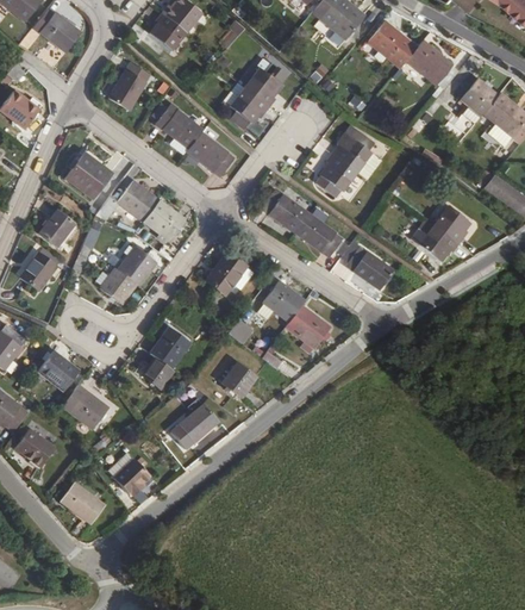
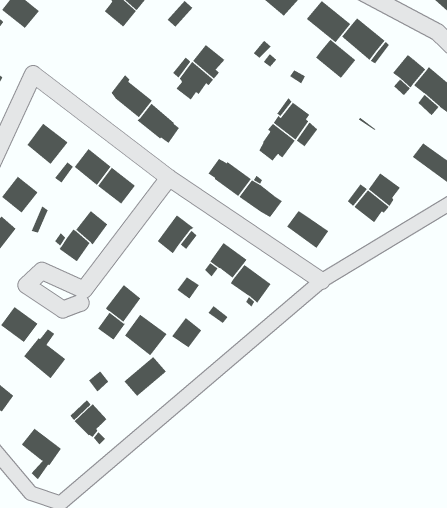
building: [108,62,149,110] -> none
building: none -> [315,39,356,79]
building: none -> [124,314,167,356]

